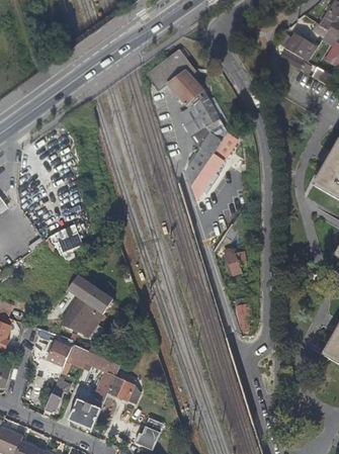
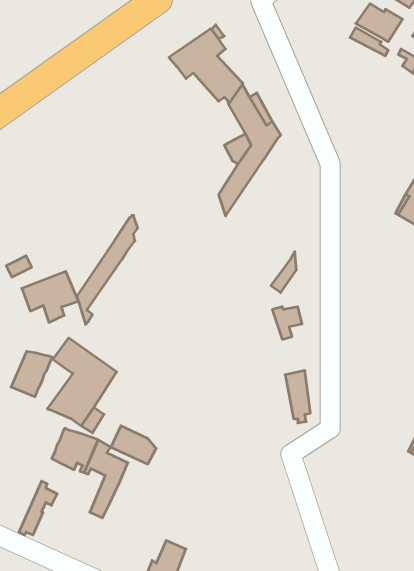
building: [179,106,205,135] -> none
building: [191,128,235,206] -> [77,215,138,324]
building: [47,334,76,366] -> [11,351,52,397]
building: [108,376,141,403] -> [111,426,156,464]
building: [68,398,100,430] -> none

